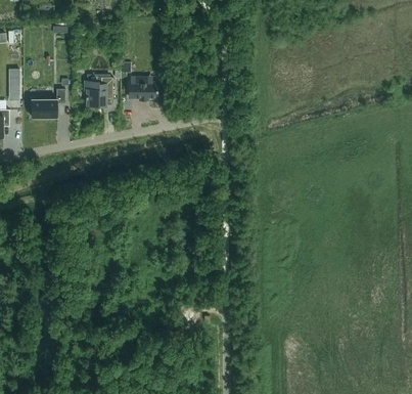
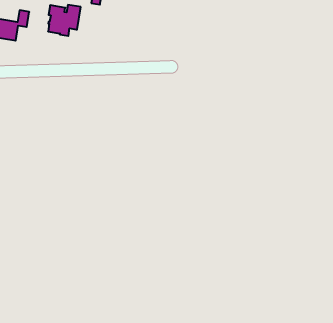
building: [129,77,156,97] -> none

